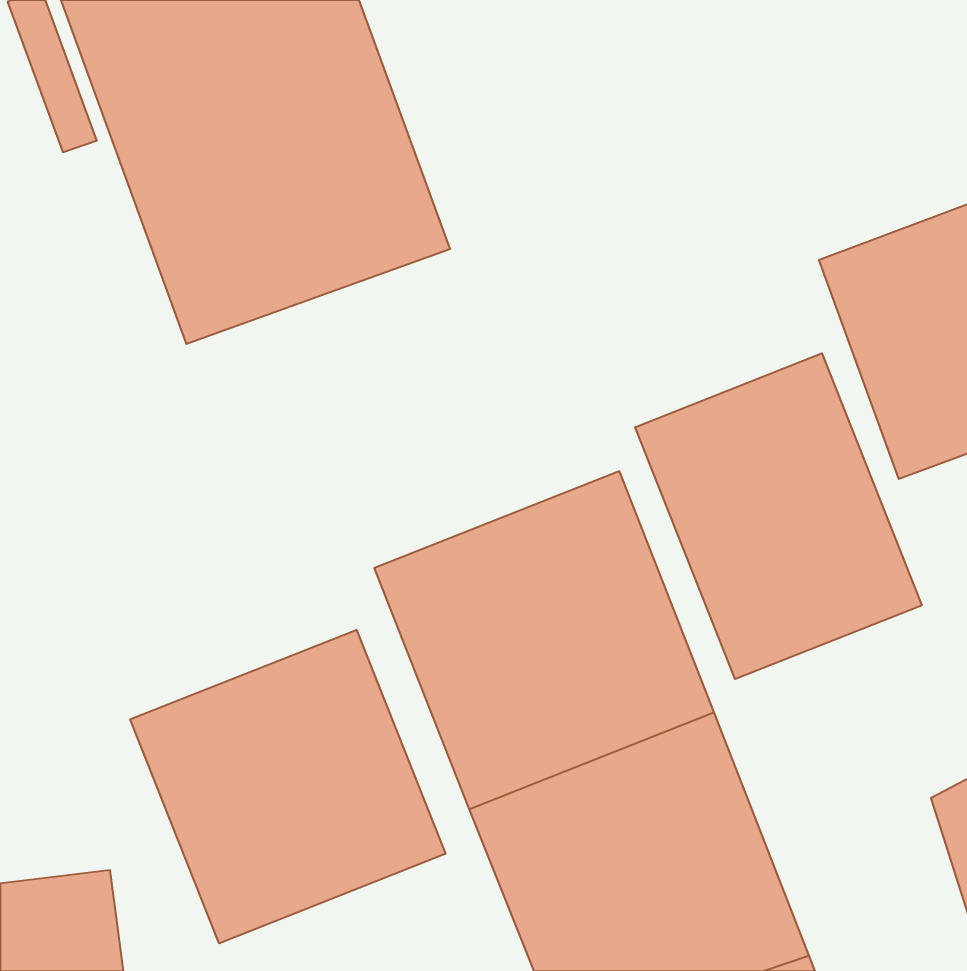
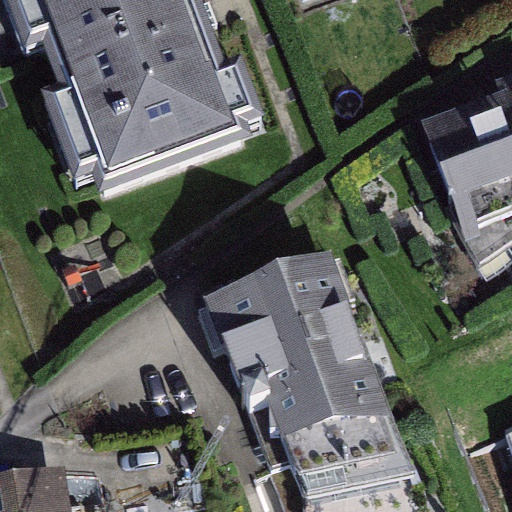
building: [635,353,922,679] -> none
building: [130,630,445,943] -> none

